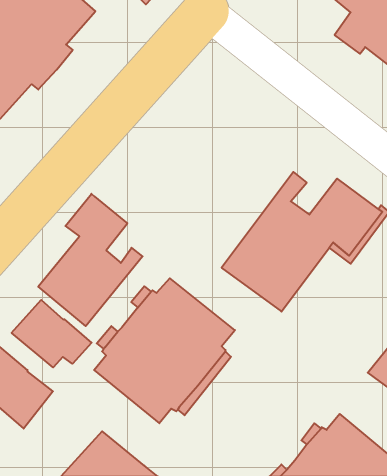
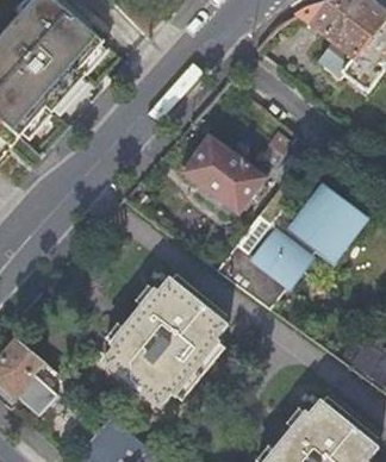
building: none -> [182,133,267,213]
building: [38,194,143,326] -> none
building: [12,300,92,367] -> none

